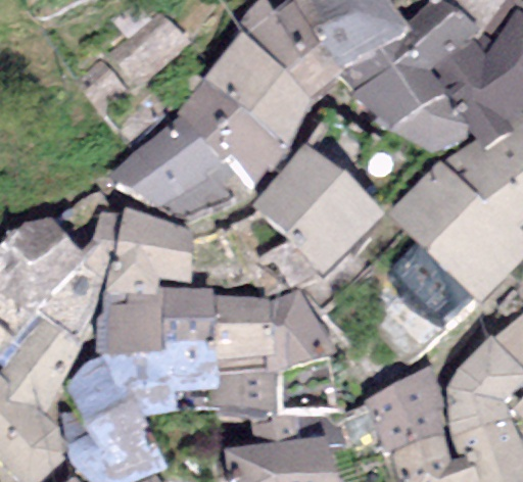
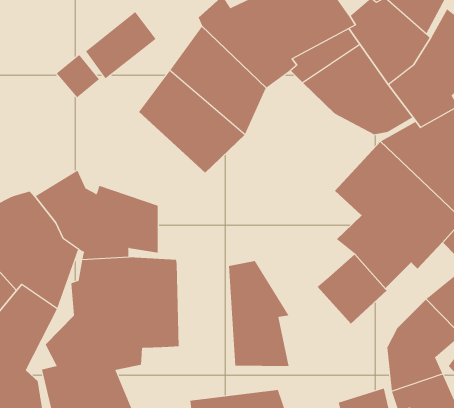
building: [107,126,244,220] -> none
building: [251,143,383,275] -> none
building: [197,295,278,418] -> none
building: [362,365,444,451] -> none

